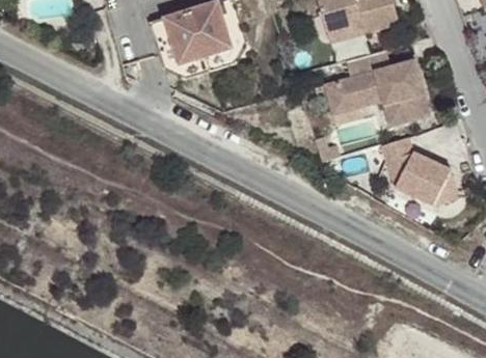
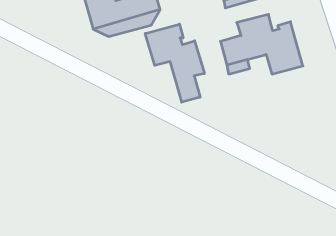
building: none -> [145,24,204,102]
building: [381,133,456,201] -> none

